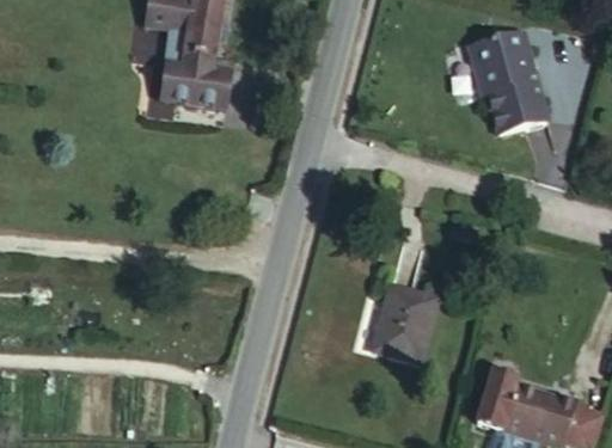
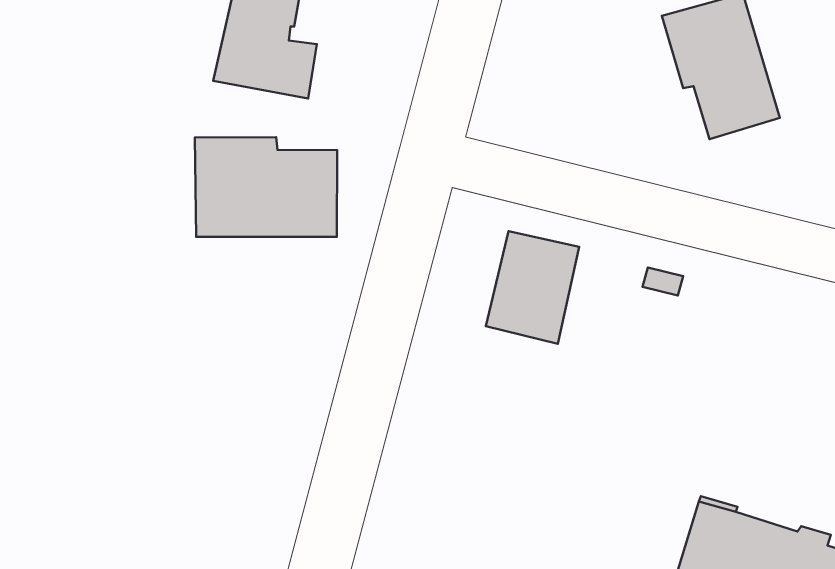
building: none -> [195,137,337,237]
building: [380,283,443,360] -> [486,231,579,344]

